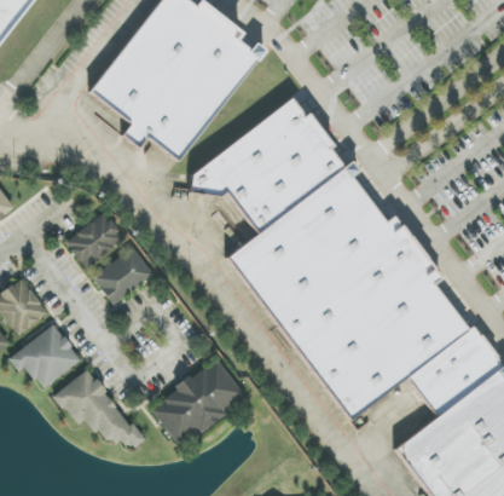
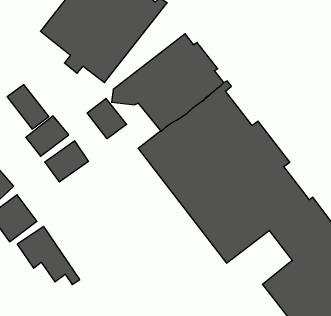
building: none -> [7,85,49,129]
building: none -> [87,98,127,139]
building: [151,357,247,442] -> none

